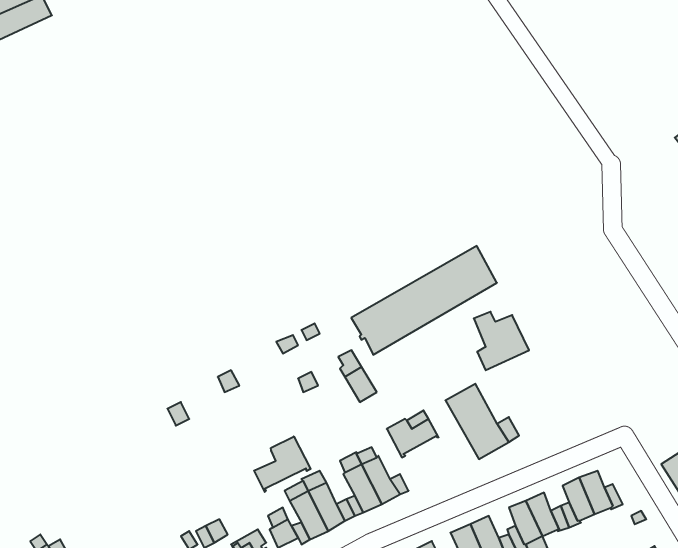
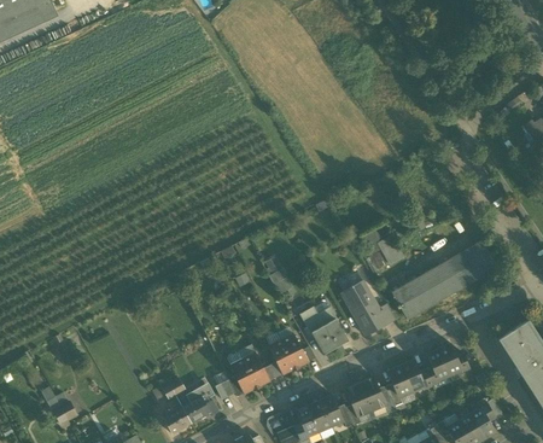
building: [351,246,497,355] -> [391,241,496,320]
building: none -> [311,319,348,354]
building: [254,436,311,492] -> none

